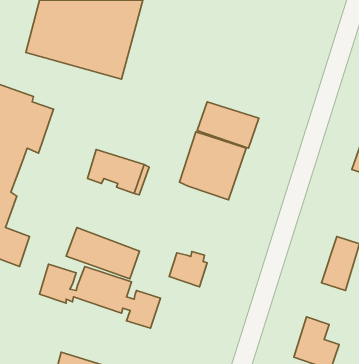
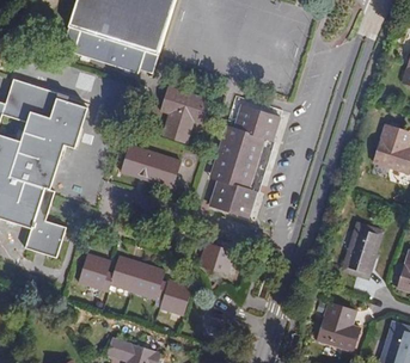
building: none -> [163,85,210,141]
building: none -> [209,178,256,216]
building: [66,228,139,279] -> none

